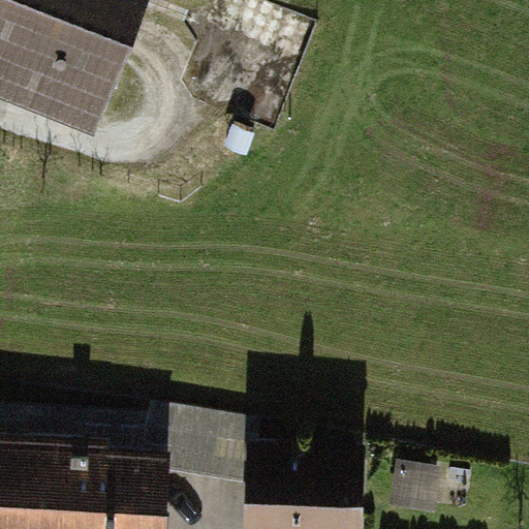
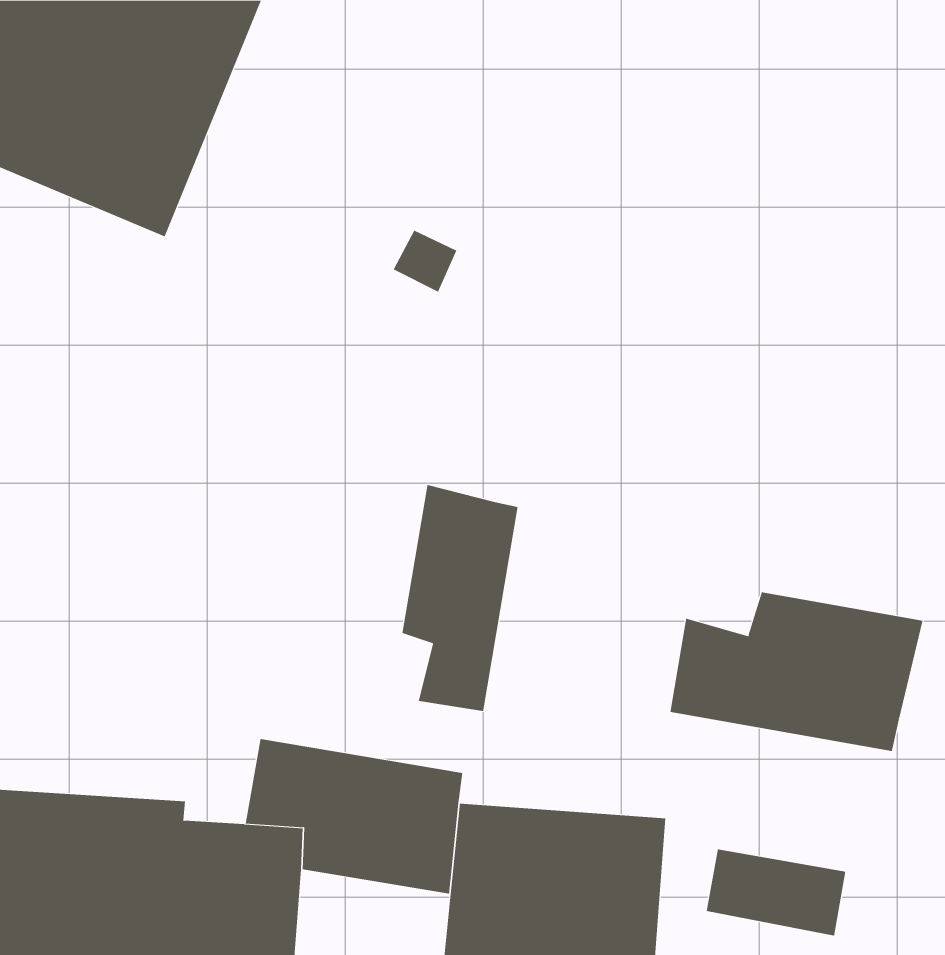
building: none -> [402,484,518,712]
building: none -> [670,591,923,752]

